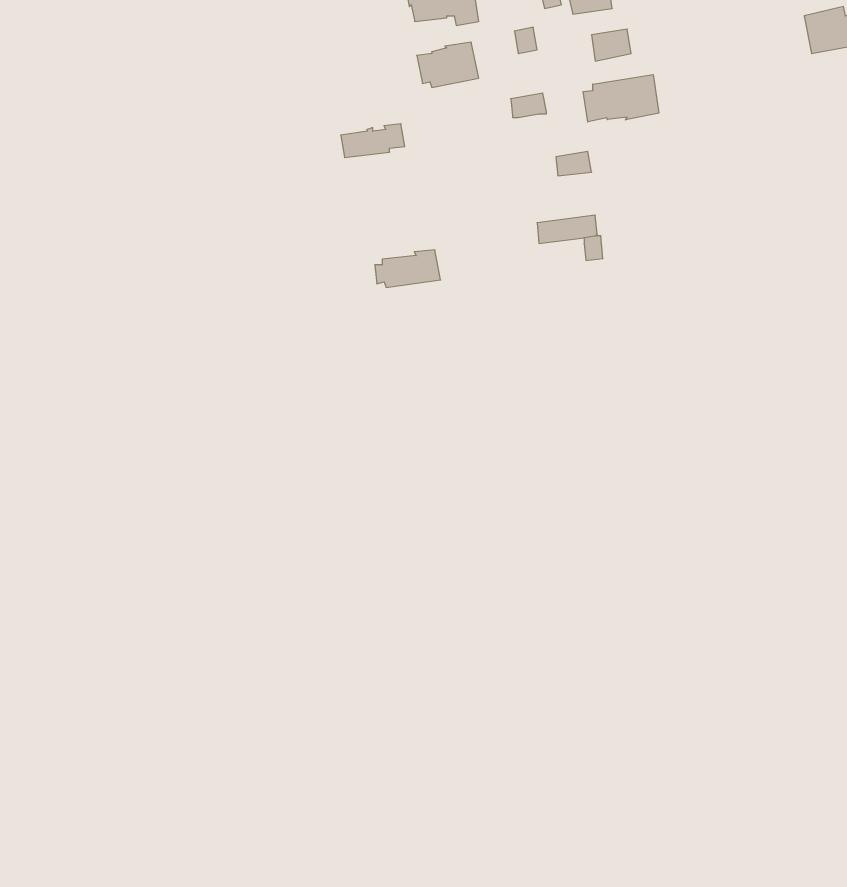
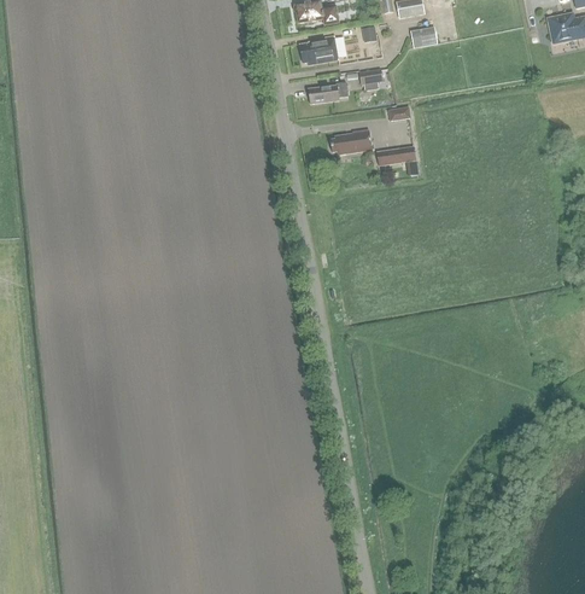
building: [583,75,659,122] -> none
building: [341,124,405,158] -> [306,81,347,103]
building: [375,250,441,287] -> [329,129,372,153]

